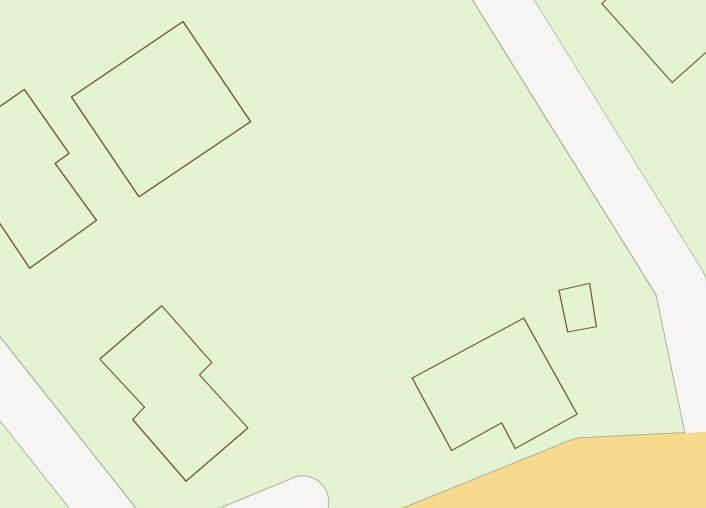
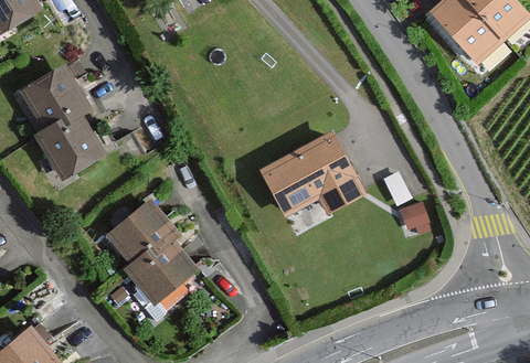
building: [72,22,251,197] -> none
building: [412,318,577,450] -> [258,129,364,214]

